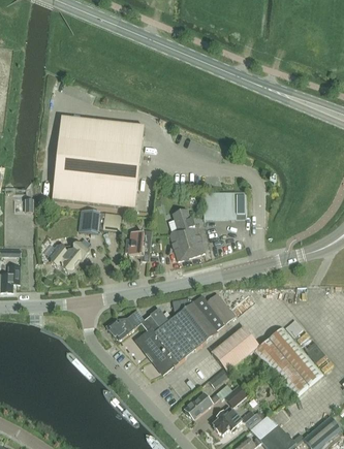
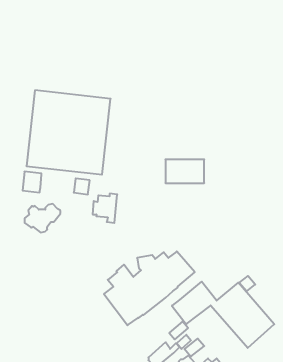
building: [169,207,205,259] -> none
building: [79,210,99,232] -> [23,172,41,192]
building: [105,310,143,340] -> none

